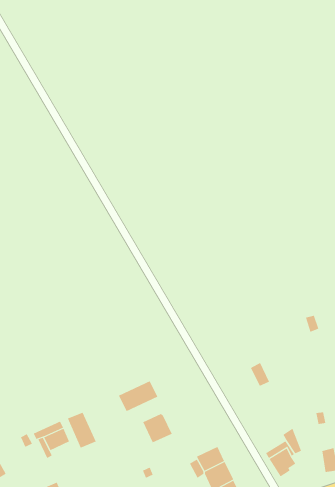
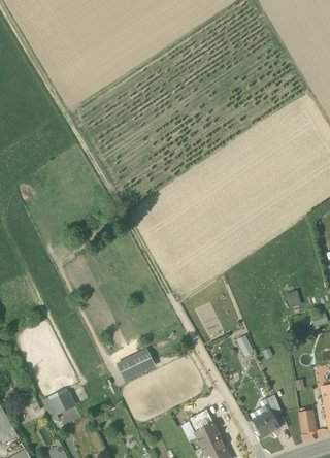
building: [67,412,96,448] -> none
building: [143,413,173,443] -> none

